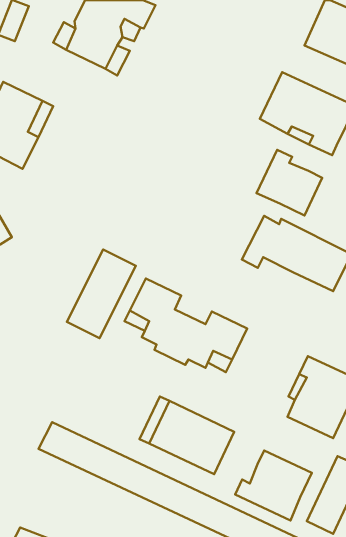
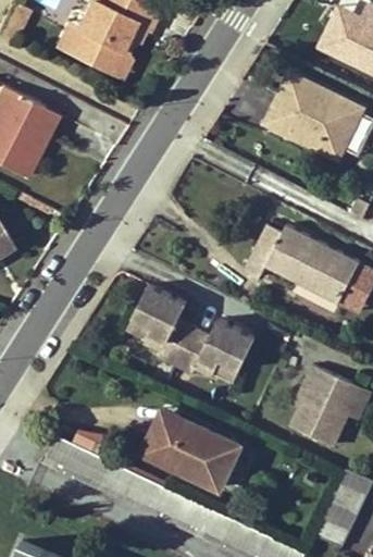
building: [256,150,322,215] -> none
building: [67,249,136,338] -> none
building: [235,450,312,520] -> none

